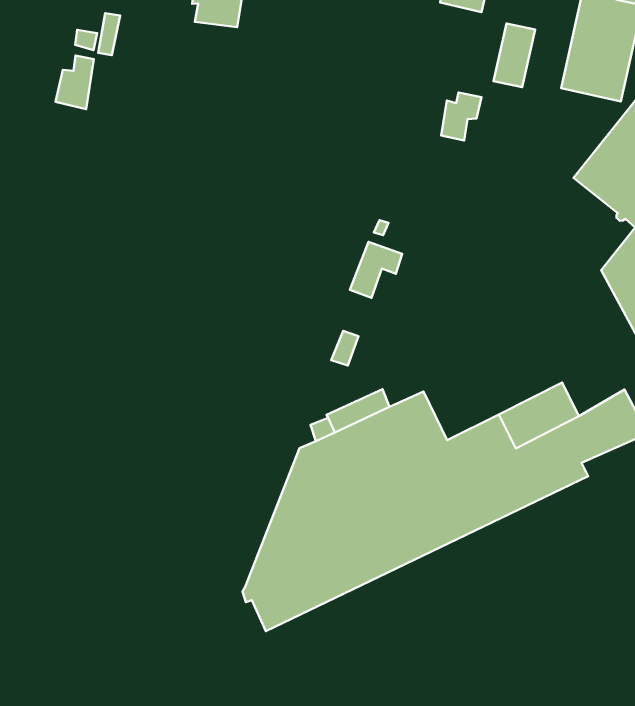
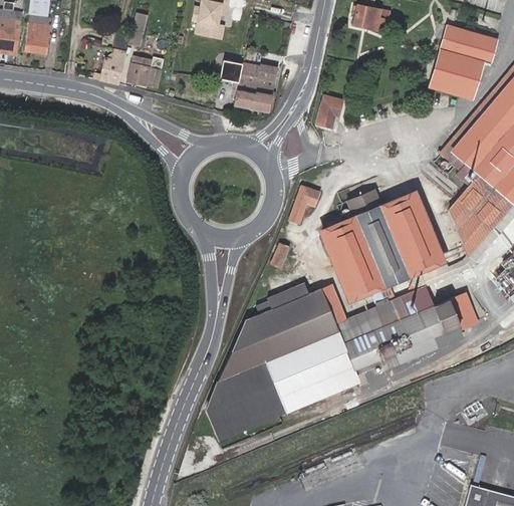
building: [494,23,535,87] -> none
building: none -> [218,57,276,109]
building: none -> [126,56,159,87]
building: [441,92,482,140] -> [316,95,344,128]
building: none -> [322,193,445,300]

